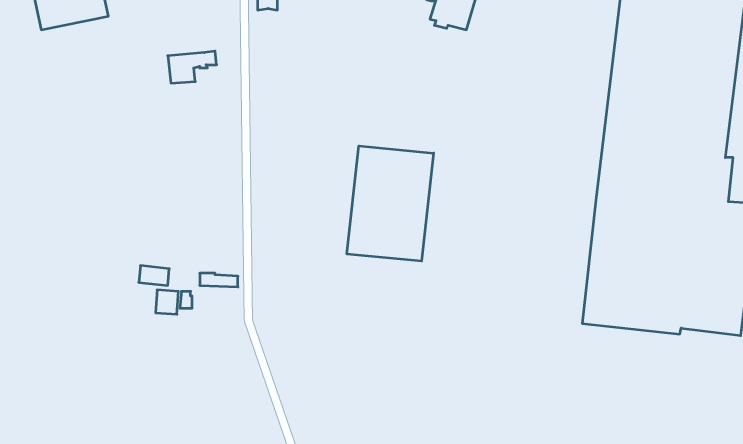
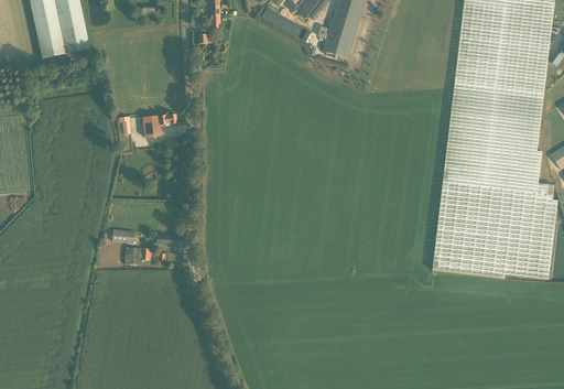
building: [168,51,217,83] -> [142,114,177,137]
building: [347,146,434,261] -> none

